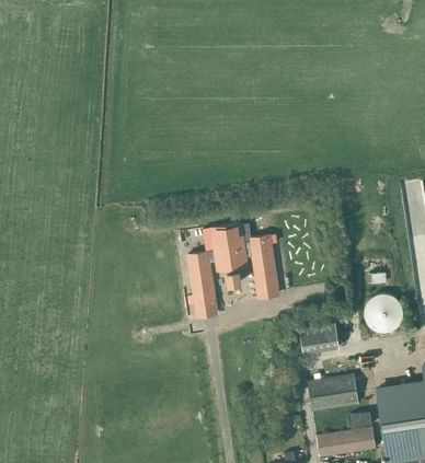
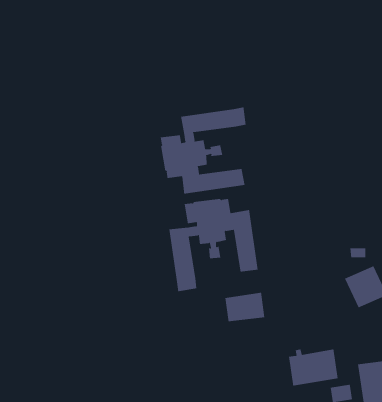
building: none -> [160,107,246,195]
building: [300,322,341,351] -> [225,292,265,322]

